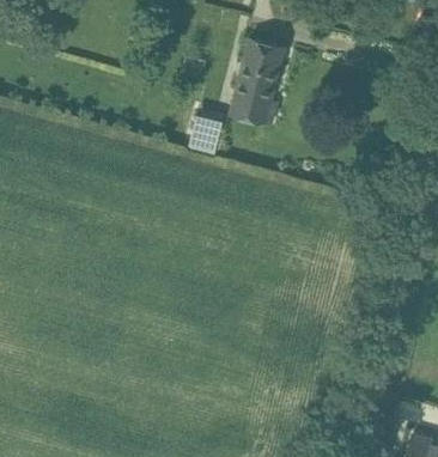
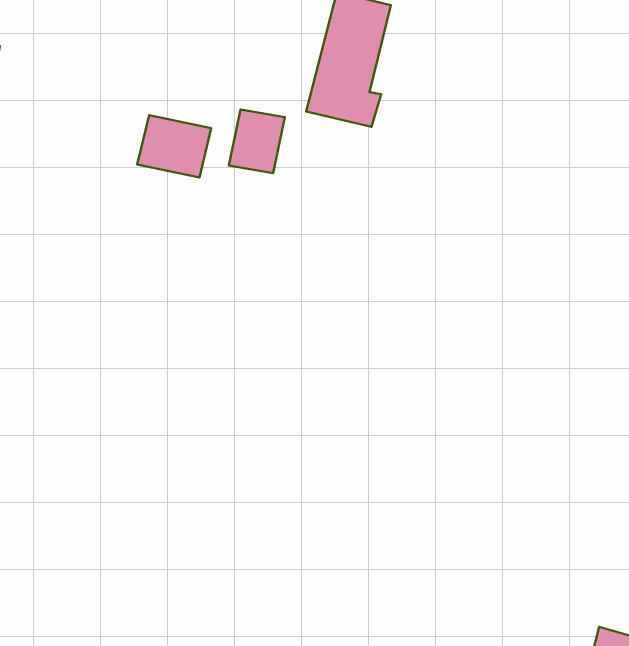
building: none -> [137,115,211,177]

